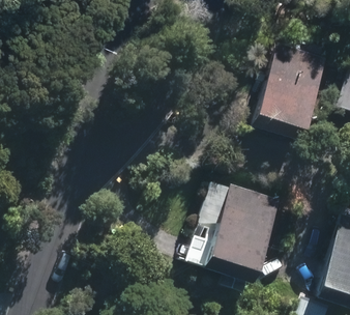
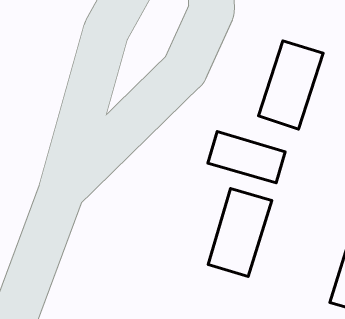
building: none -> [208,131,285,183]

